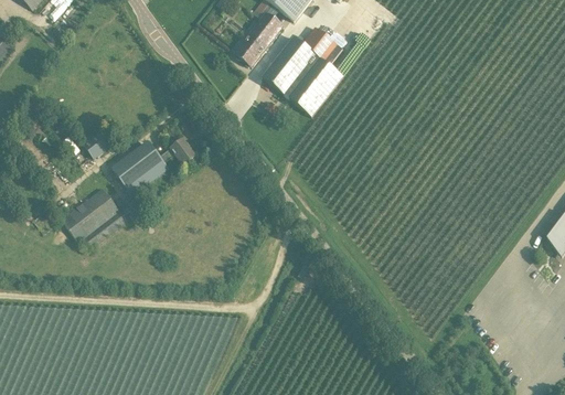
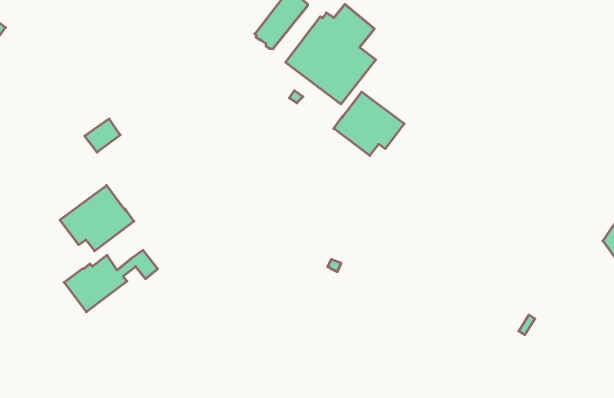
building: none -> [334,92,404,156]
building: [111,138,195,193] -> [64,250,158,312]

